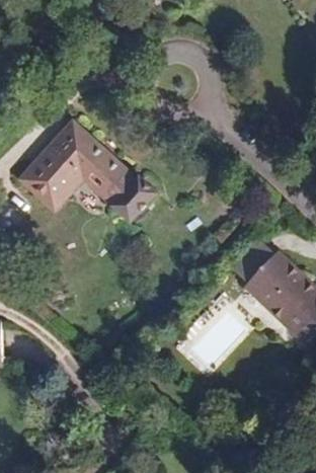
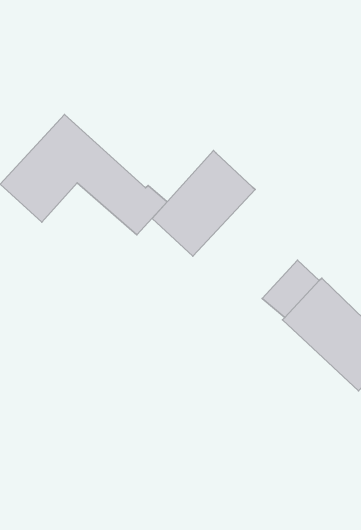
building: none -> [152,151,255,256]

